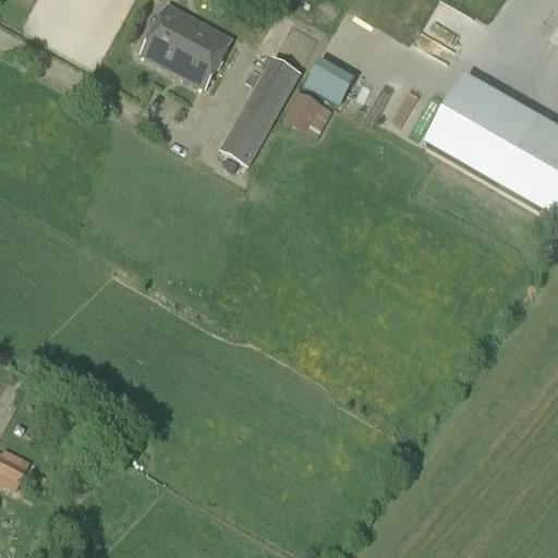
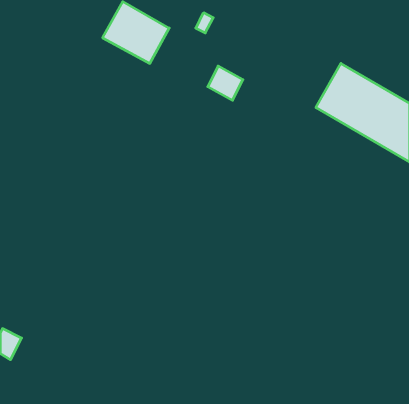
building: [220,54,301,163] -> none
building: [303,56,353,102] -> none

